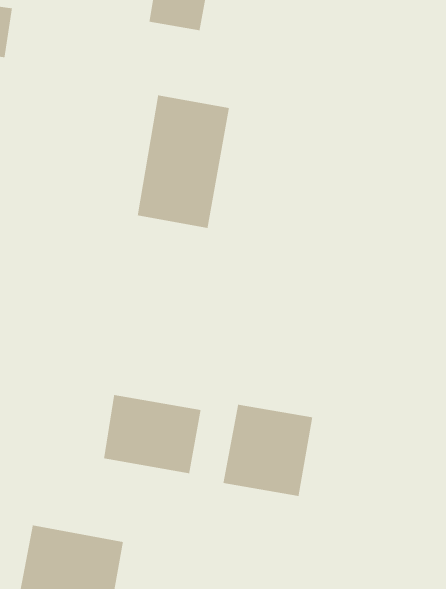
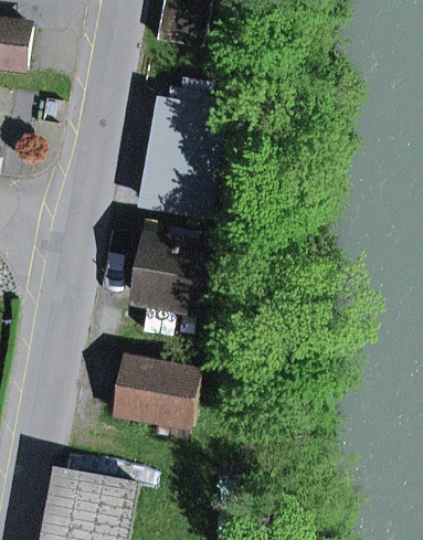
building: none -> [134,236,210,308]
building: [222,404,313,497] -> none

